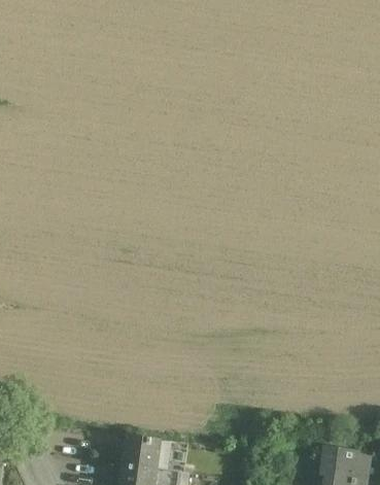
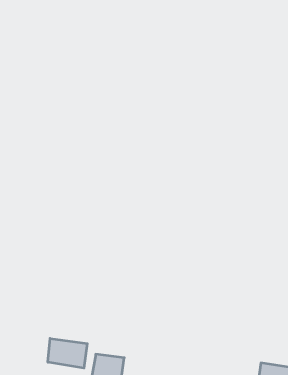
building: none -> [48,338,87,368]

